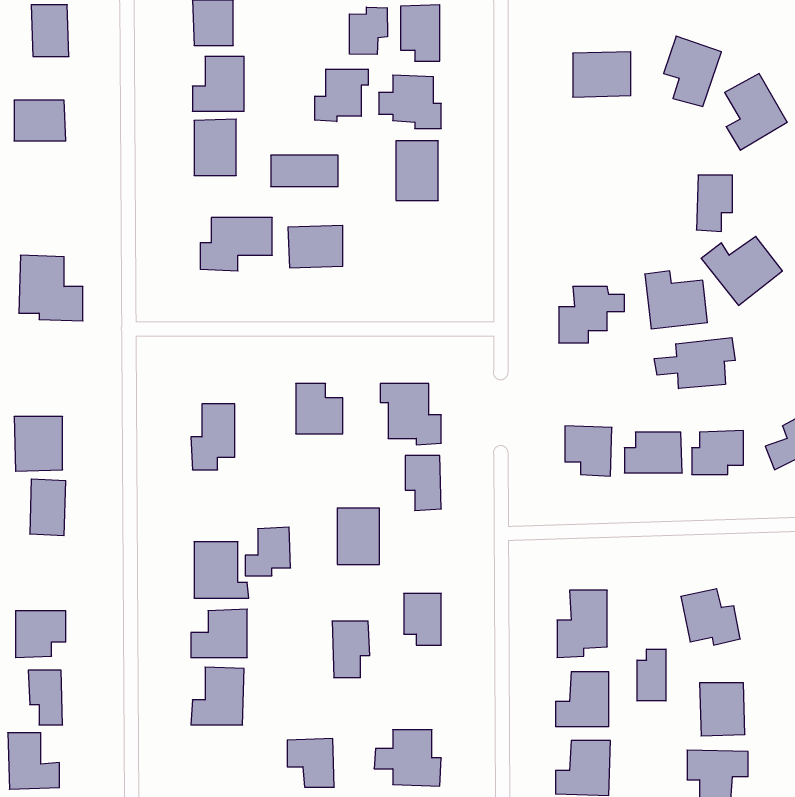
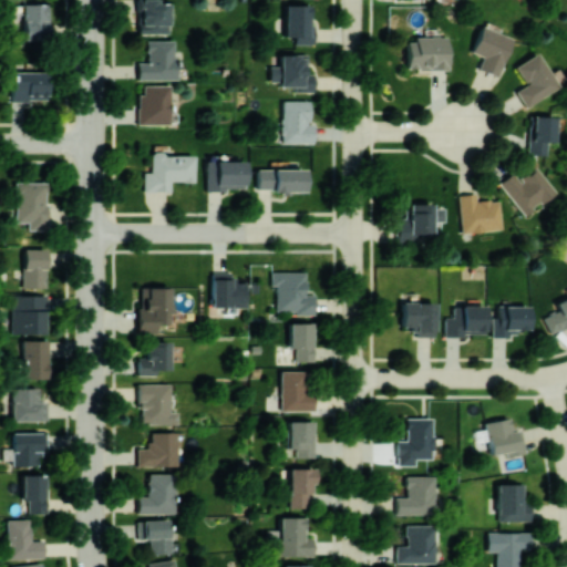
building: [350,7,387,54] -> none
building: [315,69,368,122] -> none
building: [271,155,338,187] -> [258,171,306,193]
building: [696,175,732,231] -> [530,117,556,157]
building: [654,338,735,389] -> none
building: none -> [25,252,49,289]
building: [337,508,379,564] -> [282,372,312,412]
building: [245,527,291,576] -> [138,342,171,377]
building: none -> [13,390,49,422]
building: [332,621,370,678] -> [290,470,317,509]
building: [637,649,666,701] -> none
building: [287,739,334,787] -> [140,520,173,555]

